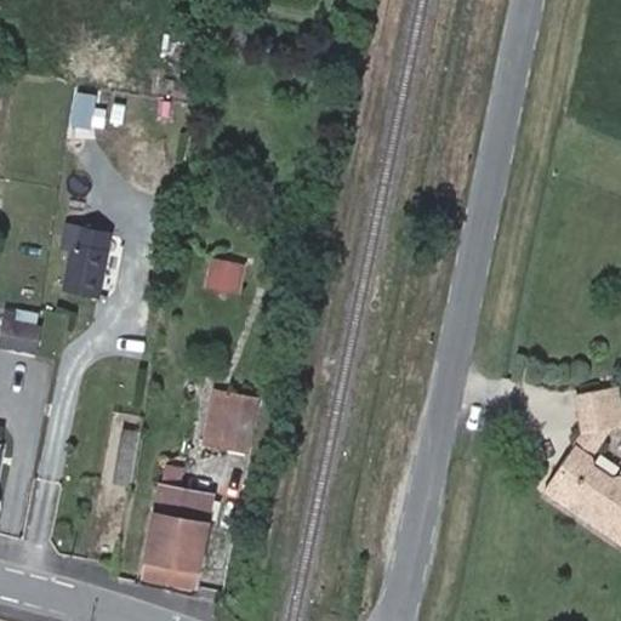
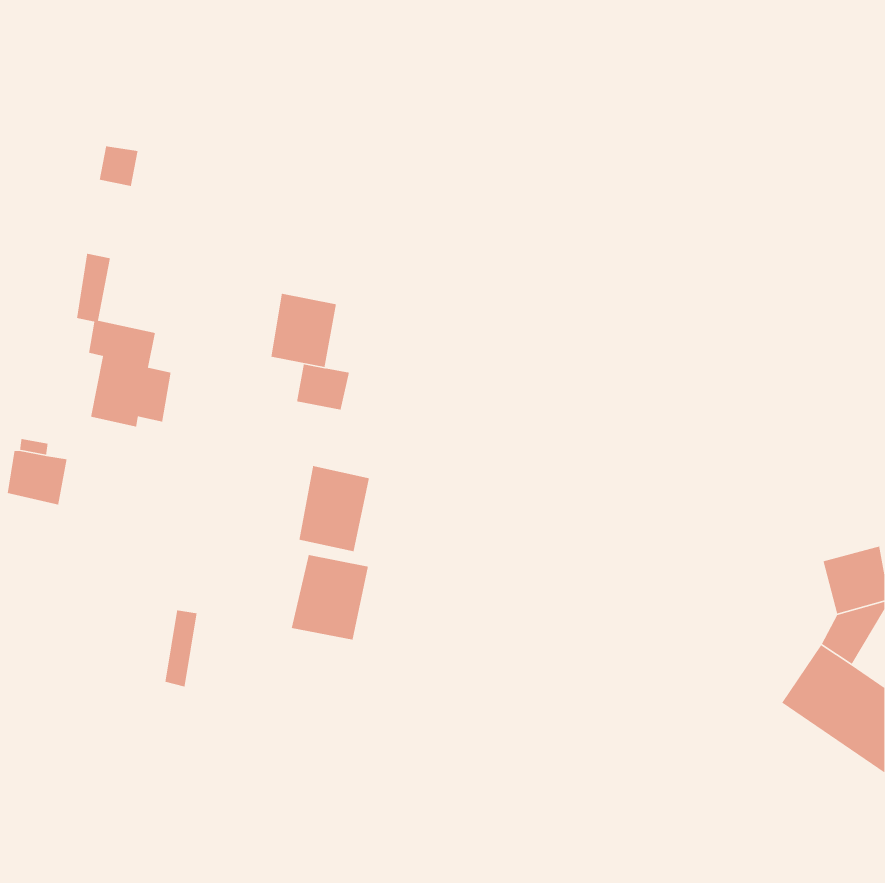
building: none -> [271,293,337,368]
building: none -> [298,465,370,552]
building: [143,486,213,587] -> none

